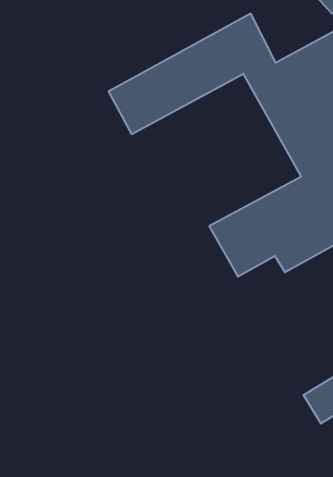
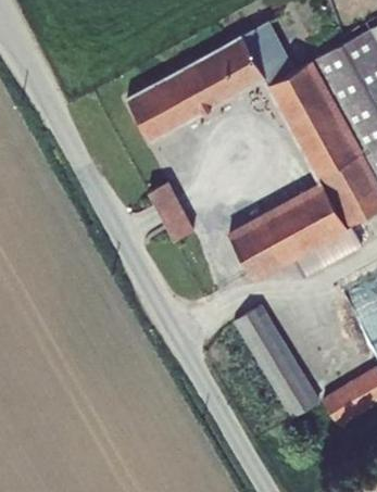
building: none -> [148,182,192,240]
building: none -> [234,304,318,418]

